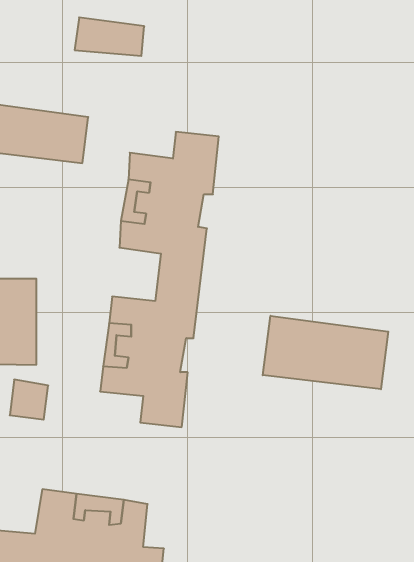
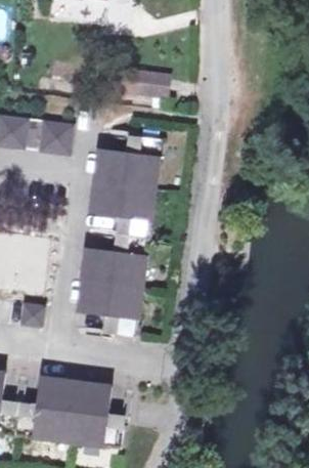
building: [75,17,144,56] -> [122,65,170,91]
building: [263,316,388,389] -> none

